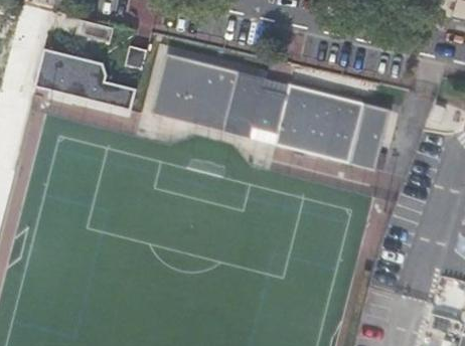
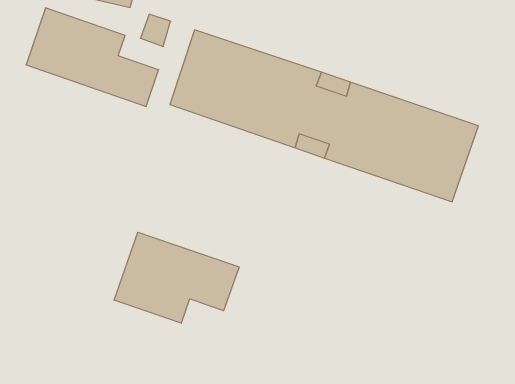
building: none -> [114,232,239,323]

